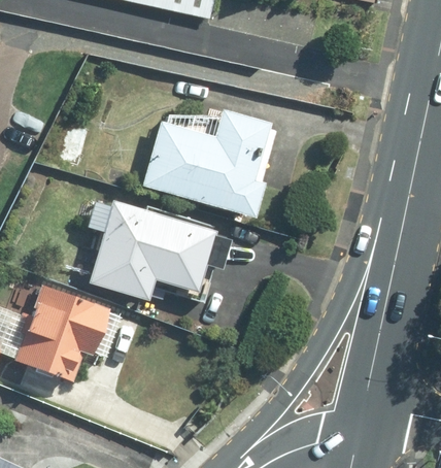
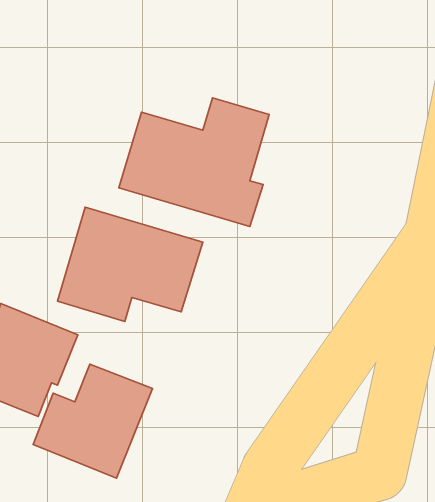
building: none -> [33,364,152,478]

